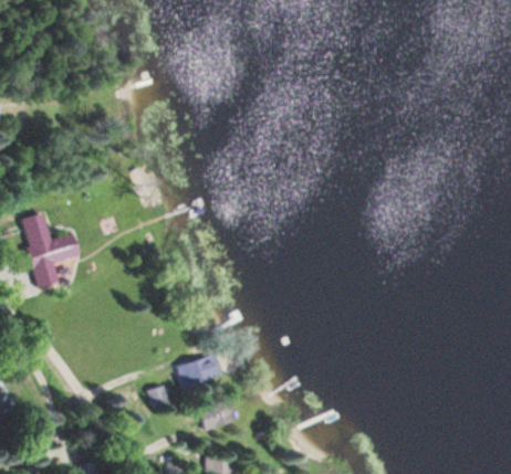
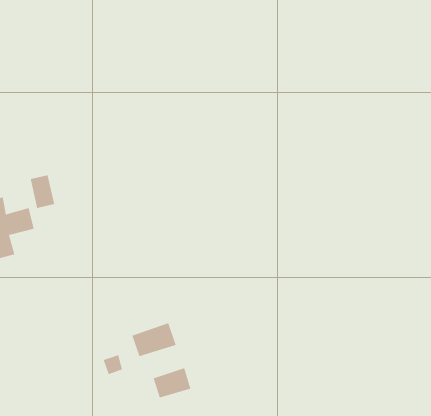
building: none -> [30,174,55,209]

